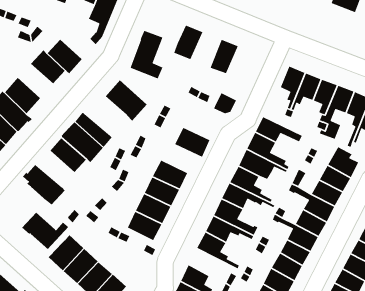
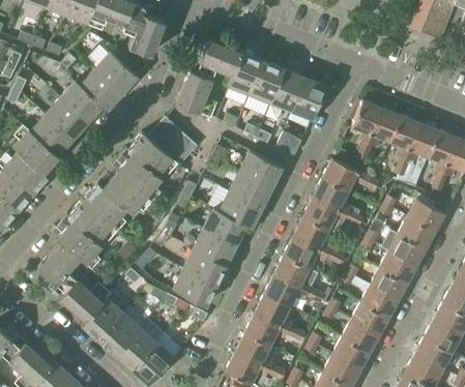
building: none -> [193,39,242,75]
building: none -> [96,52,138,93]
building: none -> [249,61,284,103]
building: none -> [290,78,326,120]
building: none -> [47,98,88,139]
building: none -> [122,132,173,184]
building: none -> [239,151,282,187]
building: none -> [213,192,262,228]
building: none -> [68,200,113,242]
building: none -> [38,242,80,290]
building: none -> [245,314,303,346]

